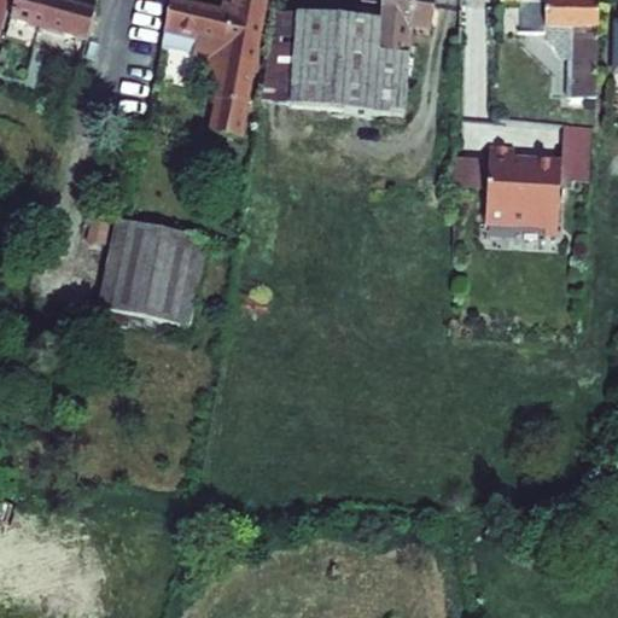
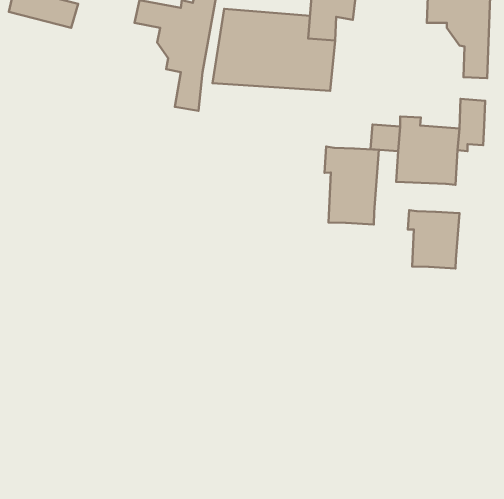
building: none -> [325,147,379,225]
building: [99,216,206,325] -> none
building: none -> [408,210,459,269]

